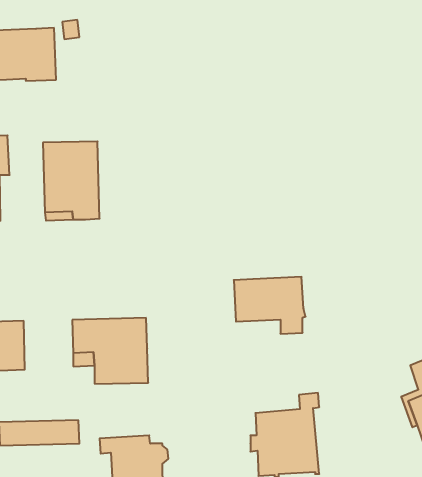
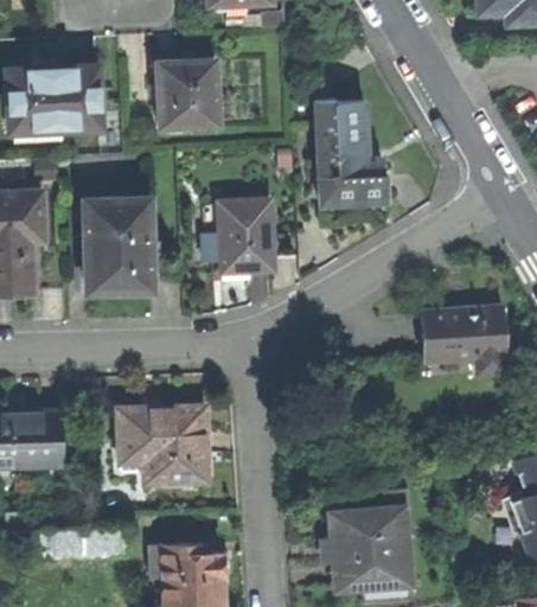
building: none -> [156,60,218,127]
building: none -> [315,97,388,205]
building: none -> [219,200,273,271]
building: [234,277,306,334] -> [421,309,505,376]

